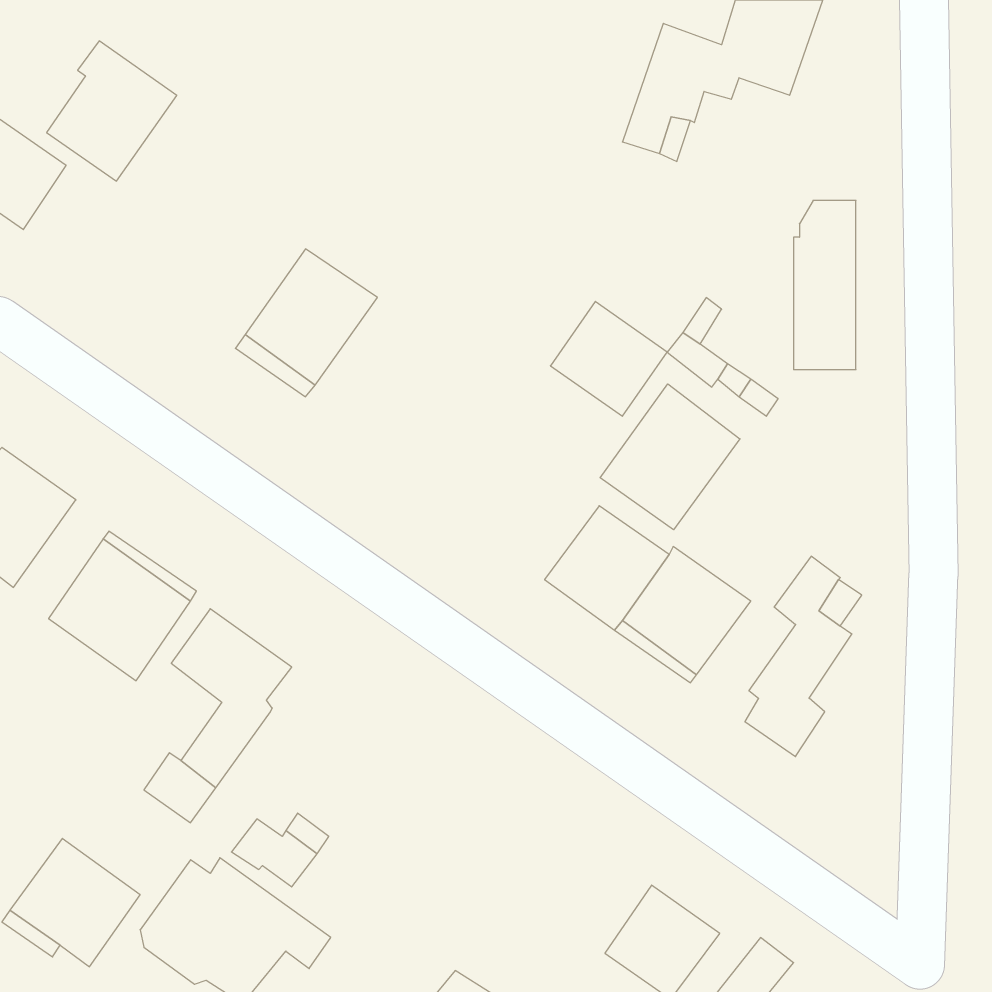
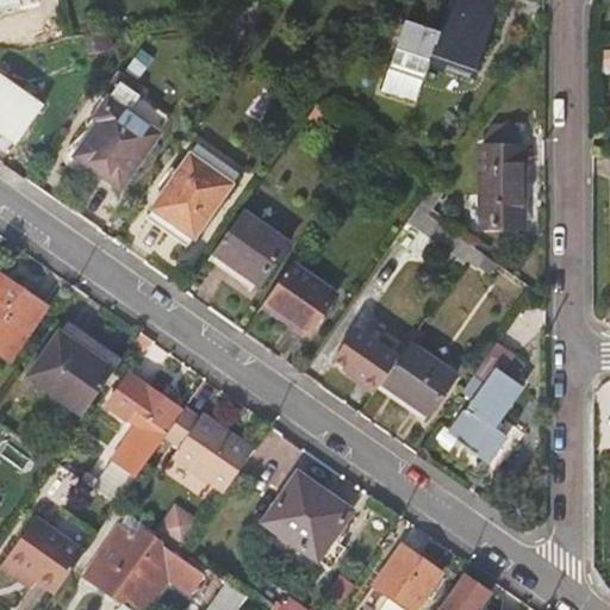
building: [47,41,177,181] -> [77,97,157,182]
building: [550,301,667,416] -> [263,262,335,332]
building: none -> [212,210,286,284]
building: [600,384,740,530] -> none
building: none -> [166,409,255,493]
building: none -> [261,469,354,560]

